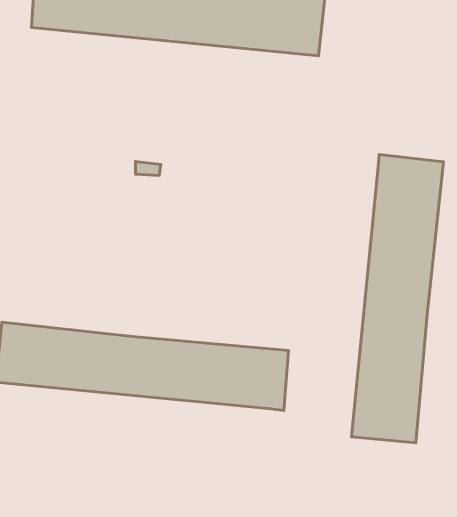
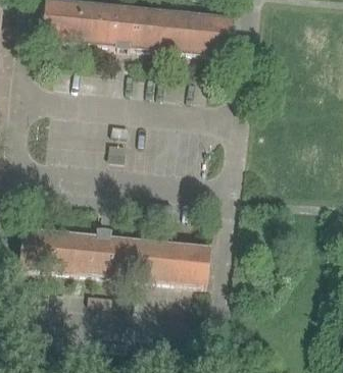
building: [351,154,443,443] -> none

